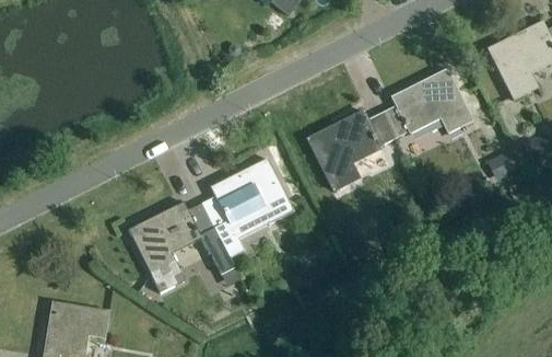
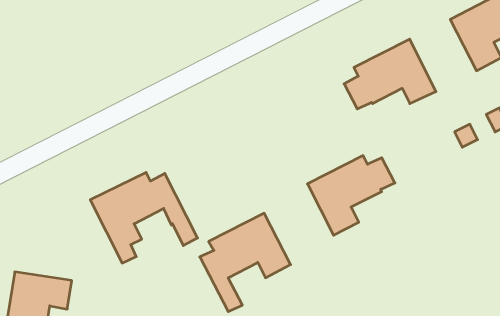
building: [307,111,395,191] -> [307,156,395,235]
building: [202,159,293,257] -> [200,213,291,312]

